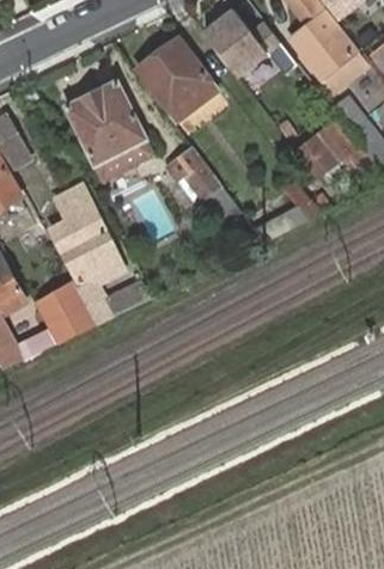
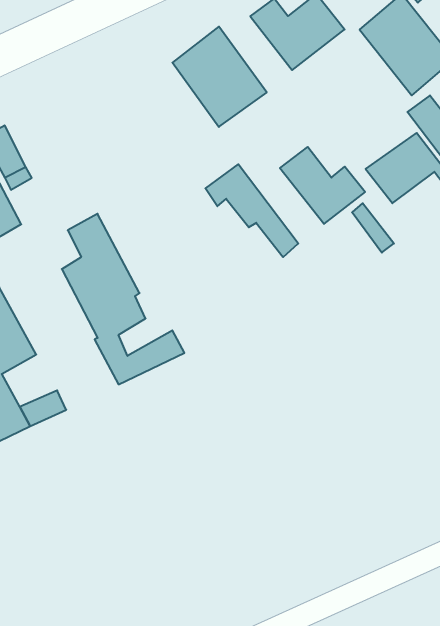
building: [66,81,152,178] -> none
building: none -> [280,147,365,224]
building: [36,282,96,342] -> none

